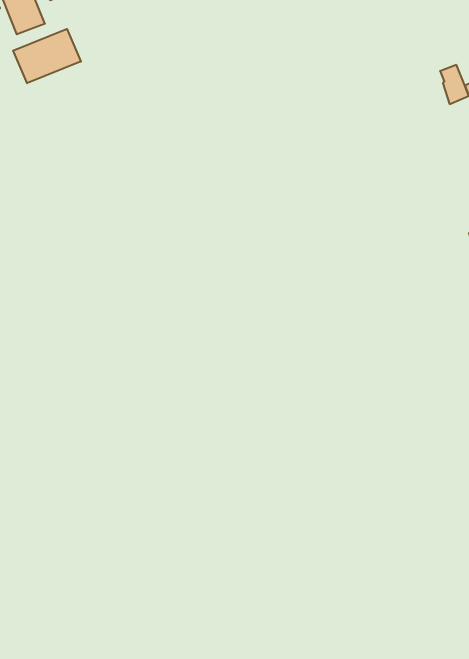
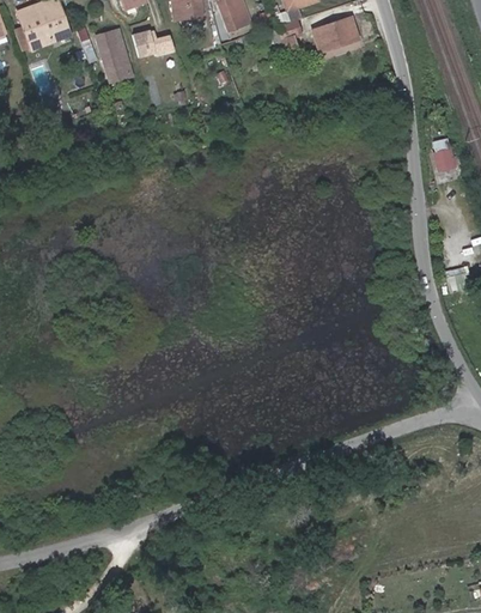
building: [13,29,81,83] -> none

